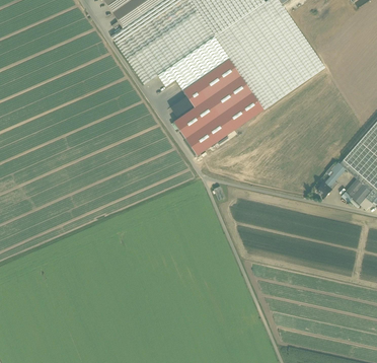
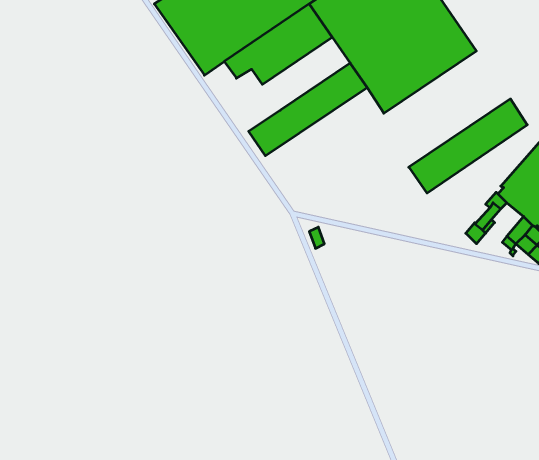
building: [184,58,243,106] -> none
building: [186,91,266,154] -> [409,99,527,193]

